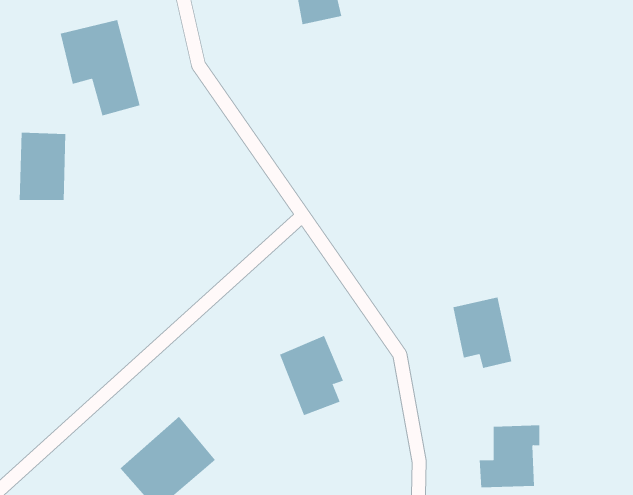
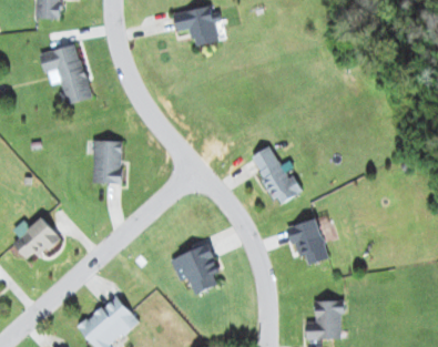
building: [19,132,66,201] -> [92,140,122,183]
building: none -> [249,144,298,205]
building: none -> [12,216,59,263]

